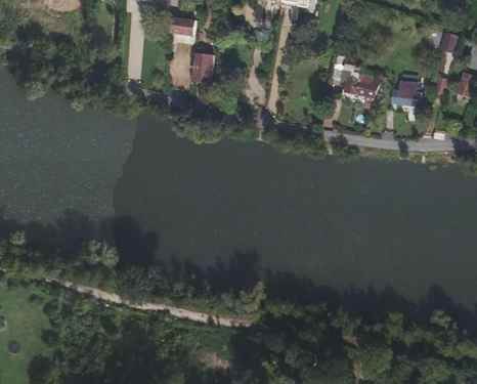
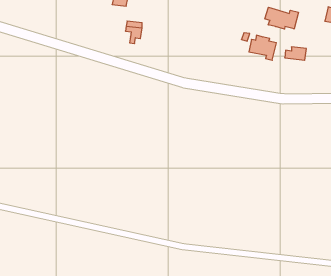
building: none -> [265,7,298,29]

